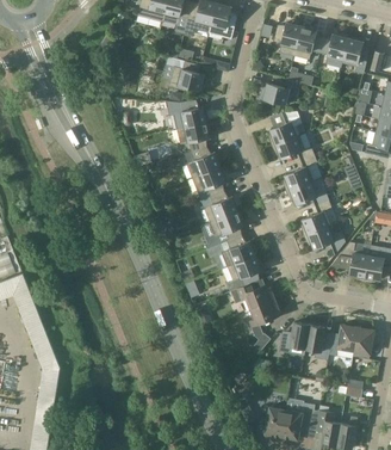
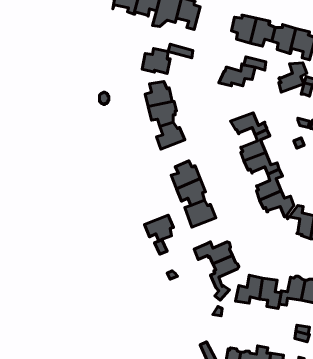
building: [271,112,303,146] -> [279,63,307,92]
building: [193,167,226,198] -> none
building: [229,257,262,286] -> [144,215,173,241]

